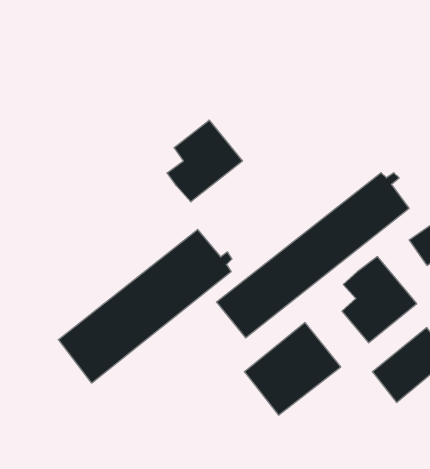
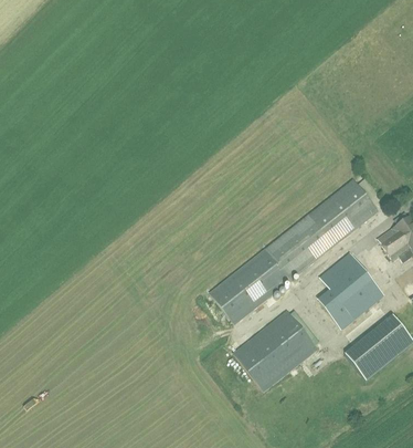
building: [167,120,243,202] -> none
building: [58,229,232,383] -> none

